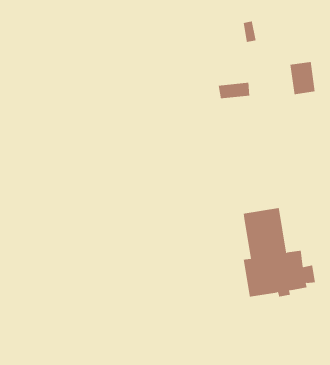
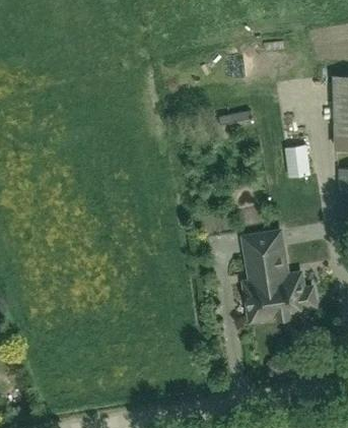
building: [290,61,316,95] -> [288,144,314,177]

